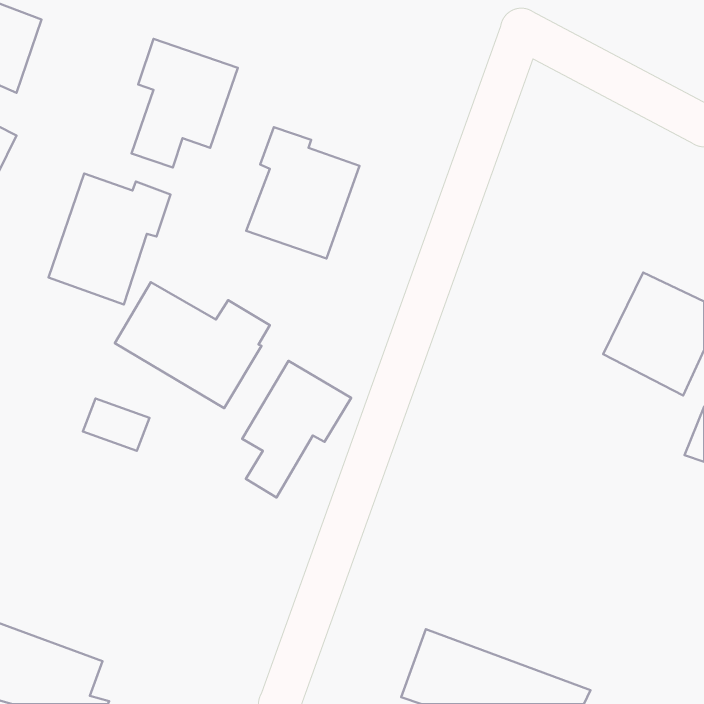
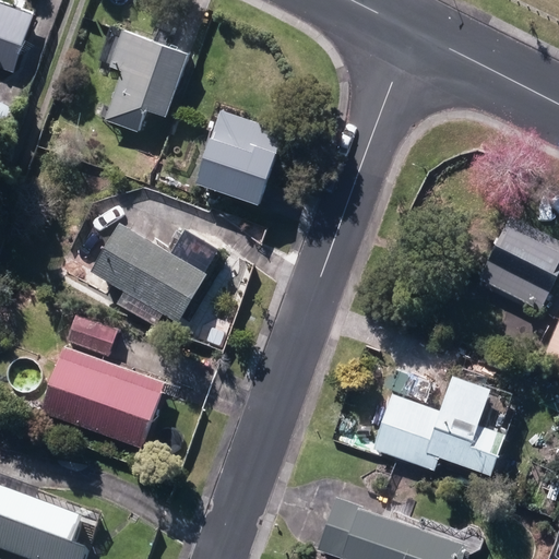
building: [48,174,171,304] -> none
building: [242,361,351,497] -> none
building: none -> [39,346,178,448]
building: none -> [372,374,506,475]

